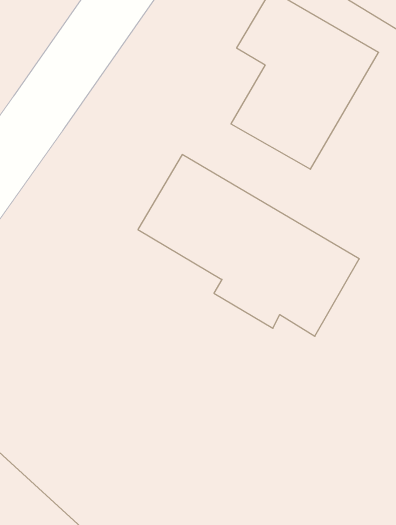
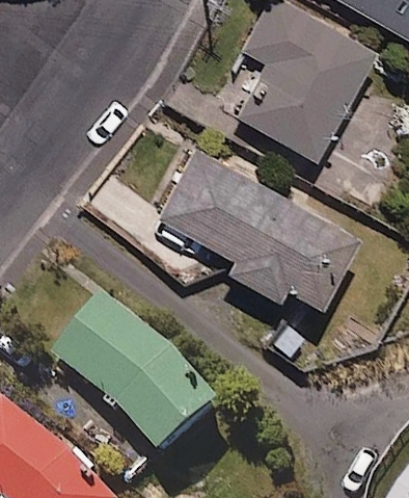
building: none -> [63,300,234,470]

